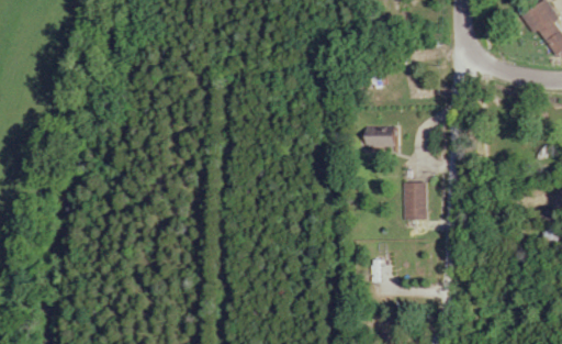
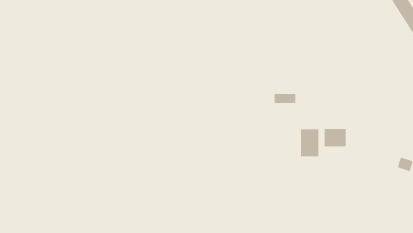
building: none -> [324,128,346,147]

